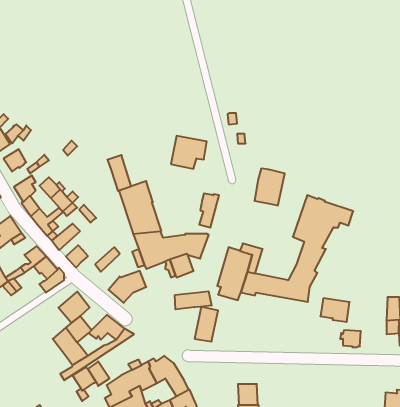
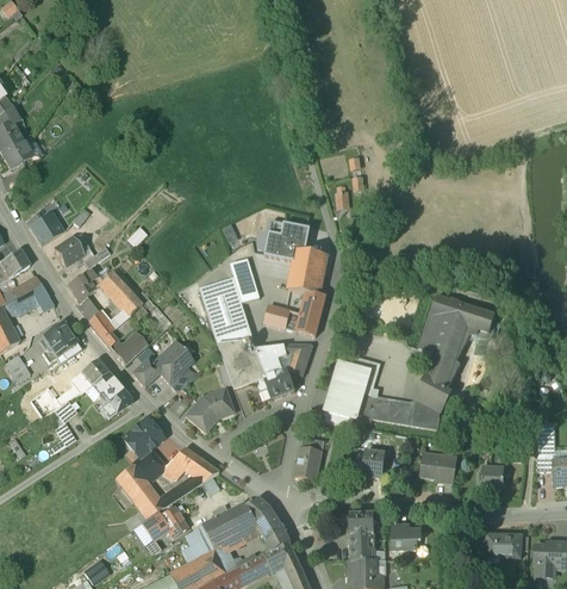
building: [107,155,131,191] -> [229,258,258,303]
building: [254,169,285,205] -> [288,248,326,294]
building: none -> [263,304,305,331]
building: none -> [154,342,193,382]
building: [175,291,212,309] -> none
building: [320,298,350,322] -> [419,452,456,482]
building: none -> [362,450,385,477]
building: none -> [338,513,373,533]
building: none -> [391,523,420,548]
building: none -> [485,532,521,556]

